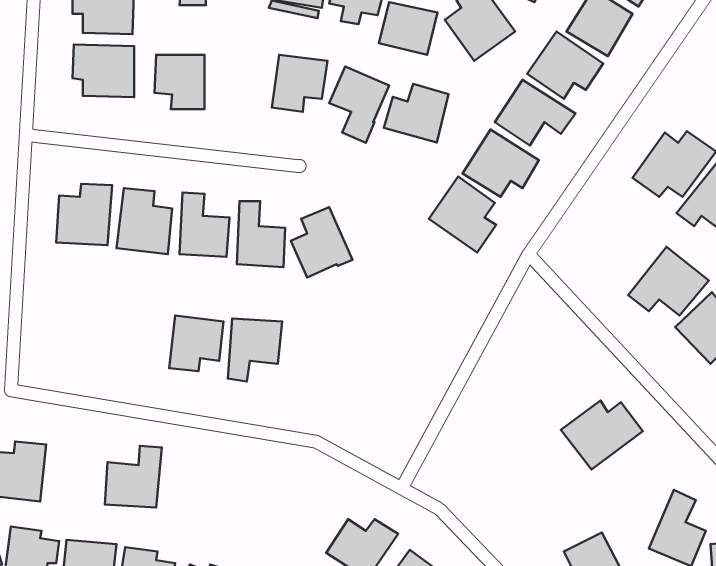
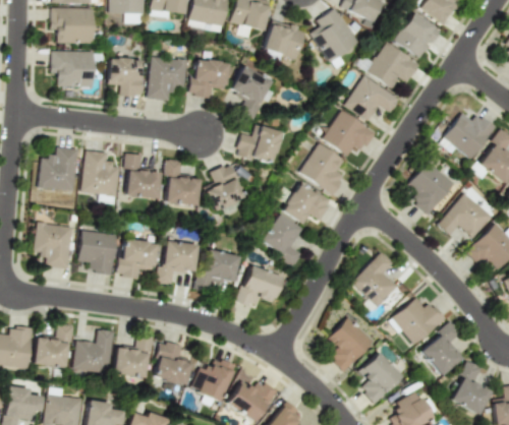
building: none -> [147,55,188,101]
building: [384,84,448,142] -> [236,124,281,165]
building: none -> [408,160,456,215]
building: none -> [283,182,332,225]
building: none -> [262,214,303,267]
building: none -> [35,223,73,268]
building: none -> [78,230,117,275]
building: none -> [200,250,239,292]
building: none -> [351,250,402,309]
building: none -> [238,265,283,307]
building: none -> [327,312,380,372]
building: none -> [419,321,466,376]
building: none -> [35,323,72,368]
building: none -> [113,335,152,378]
building: none -> [154,341,191,385]
building: none -> [359,351,404,404]
building: none -> [191,357,236,402]

